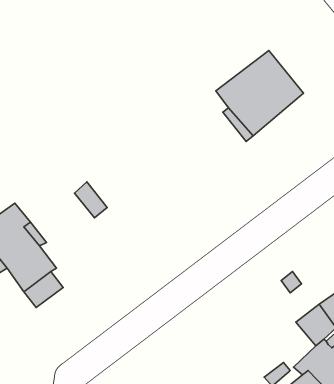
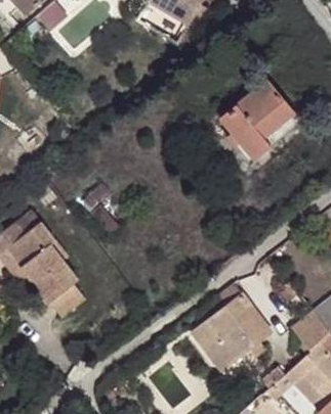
building: none -> [192,283,271,370]

